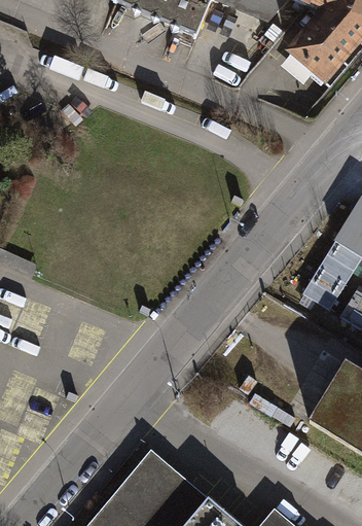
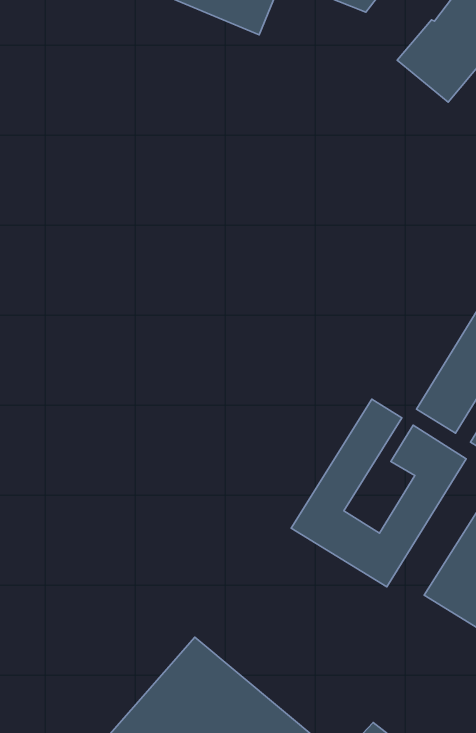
building: none -> [291,399,466,587]

